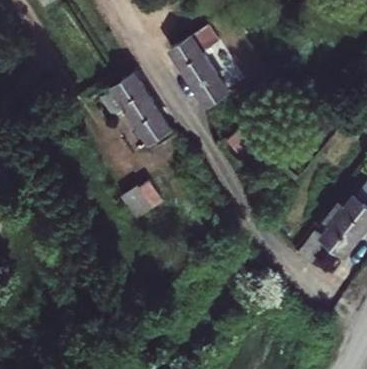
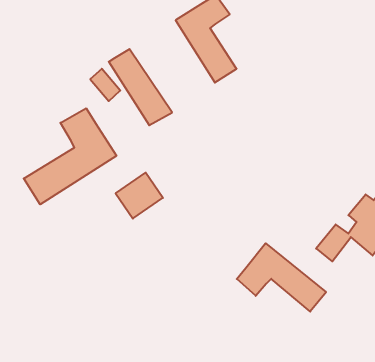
building: none -> [24,108,116,204]
building: none -> [237,243,326,312]

